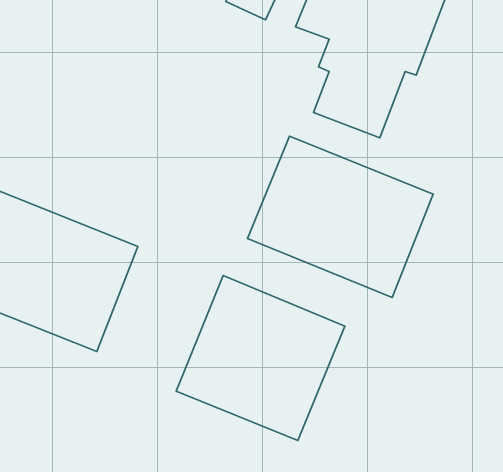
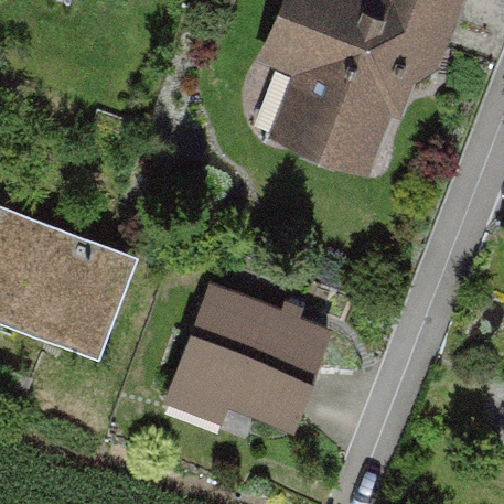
building: [248,136,433,297] -> none

